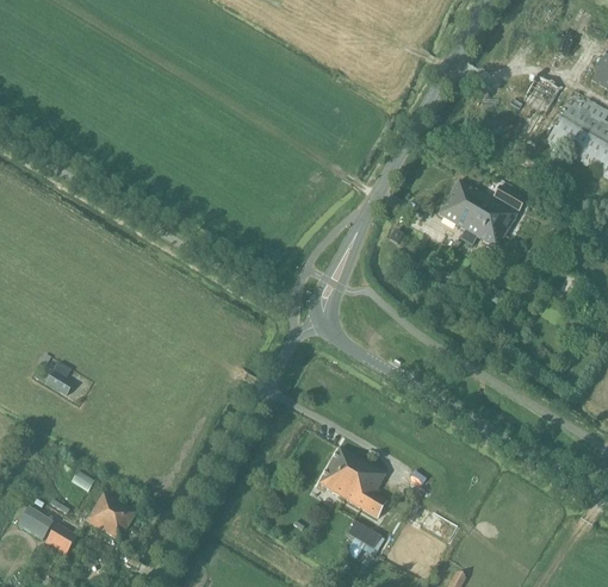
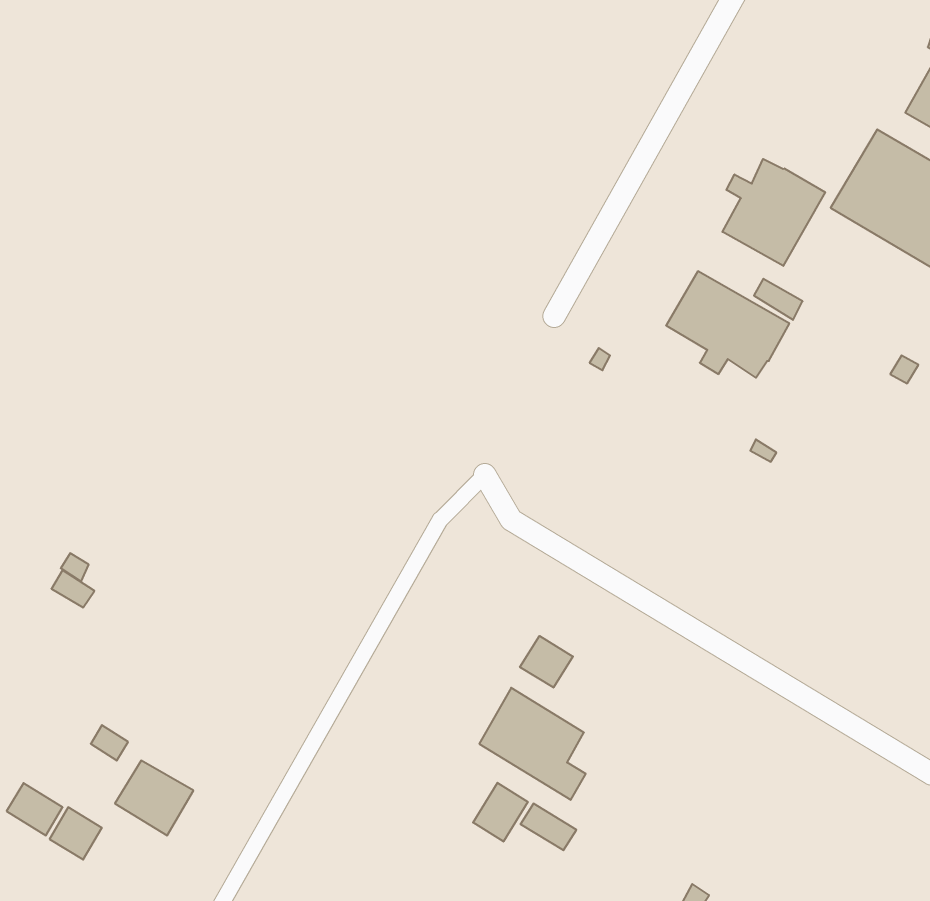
building: none -> [722,159,825,266]
building: none -> [520,636,573,688]
building: none -> [473,783,528,842]

